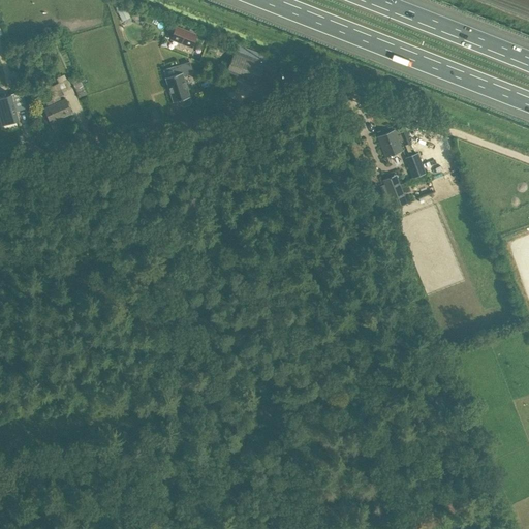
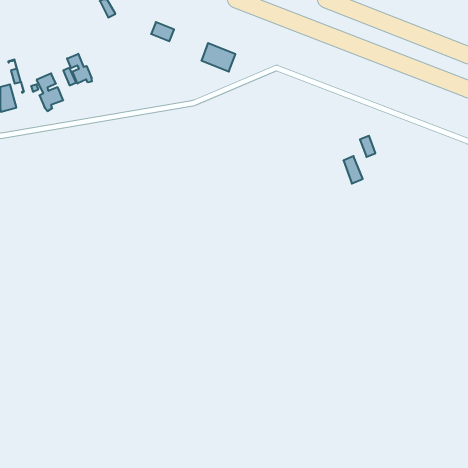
building: [165,59,193,104] -> none
building: none -> [67,54,92,84]
building: [378,129,402,156] -> none

